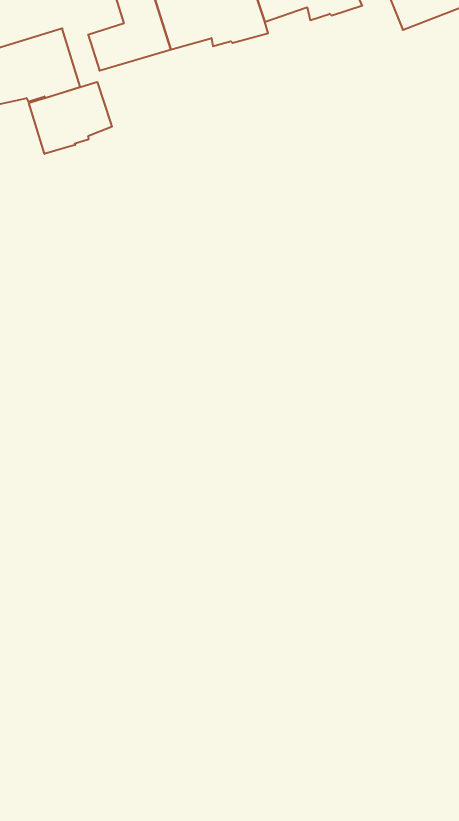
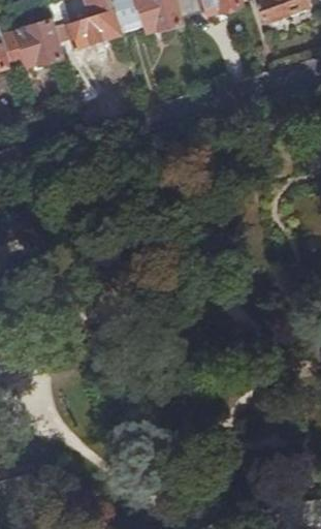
building: [29,82,112,154] -> none

